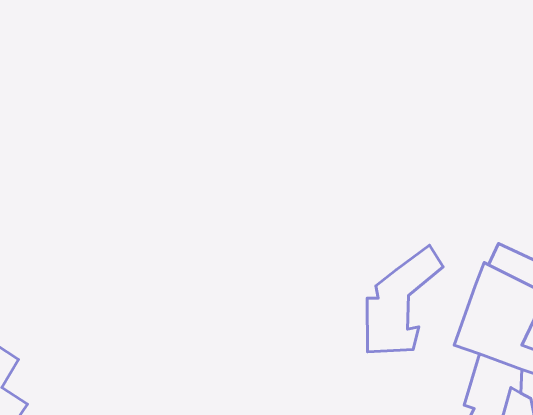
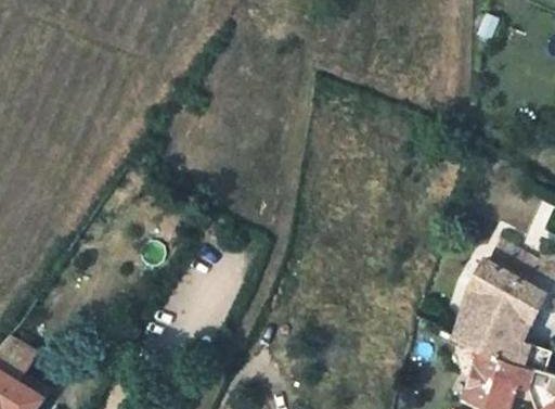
building: [367,245,443,352] -> none

